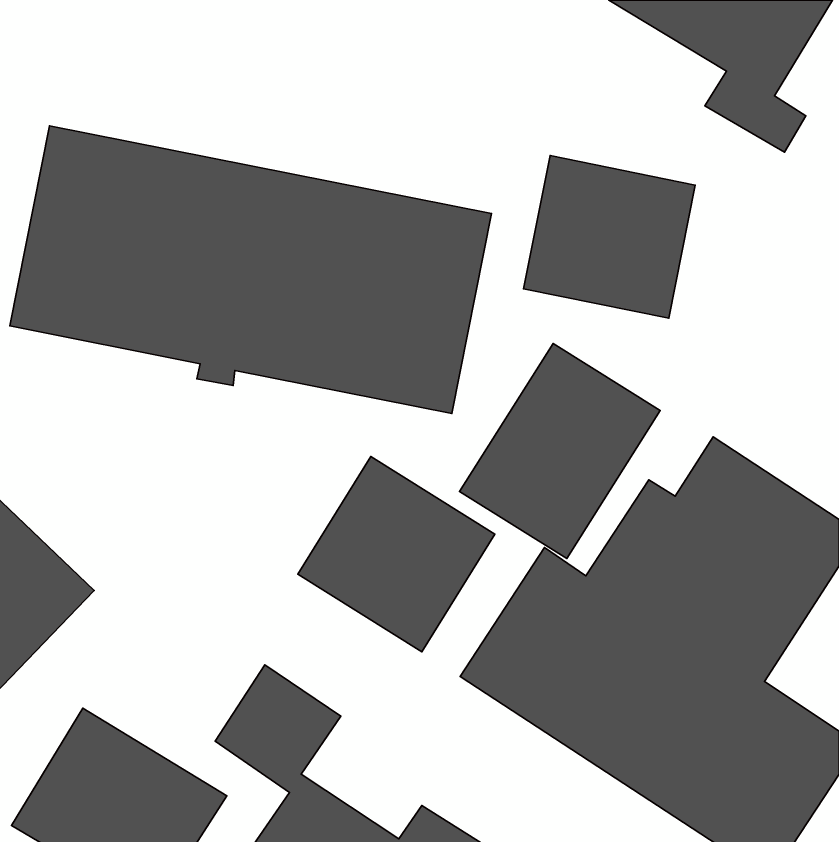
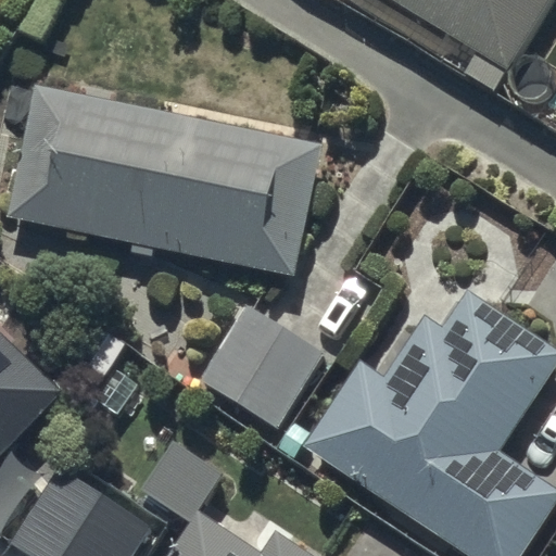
building: [524,156,695,318] -> none
building: [460,344,660,558] -> none

